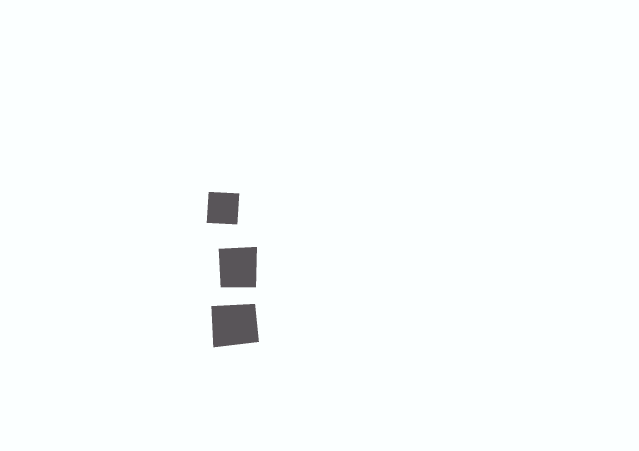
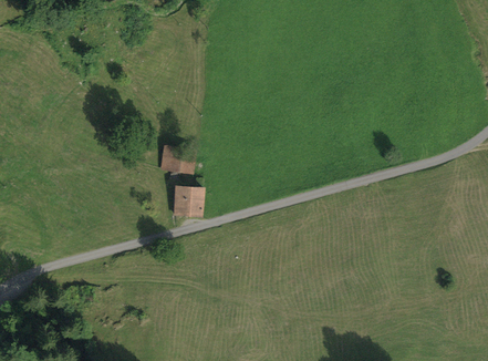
building: [210,303,260,348] -> none

